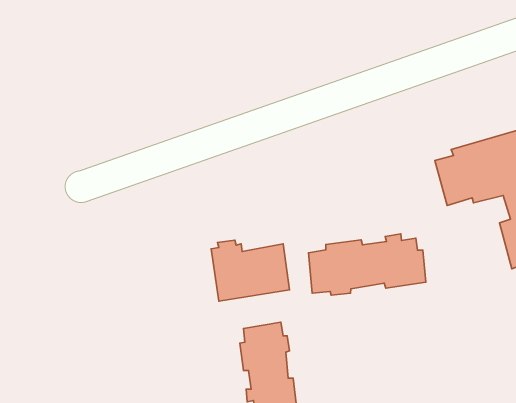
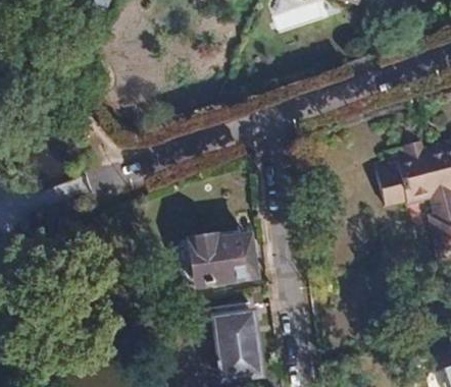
building: [308,234,426,295] -> none

